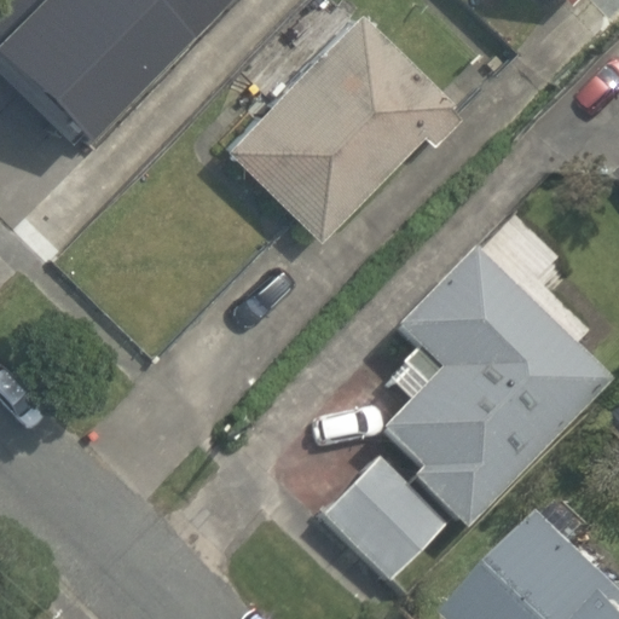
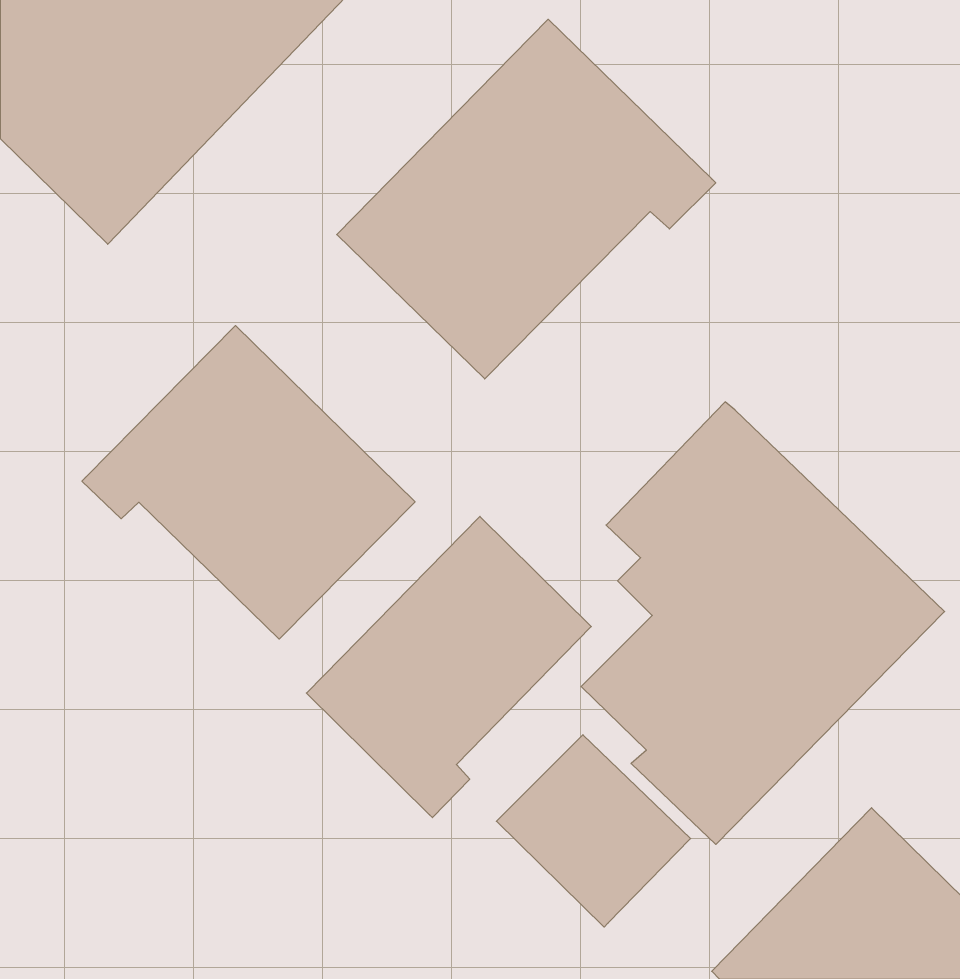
building: none -> [82,326,415,639]
building: none -> [306,516,591,818]

